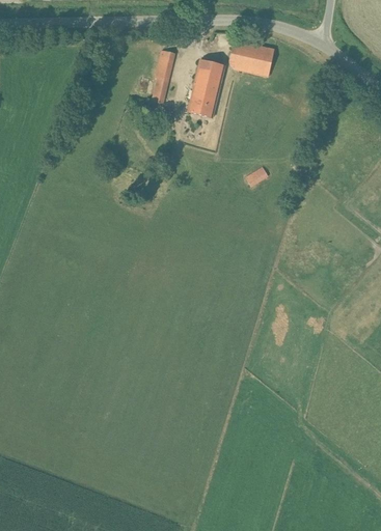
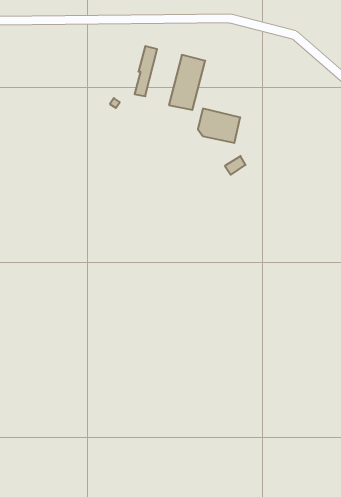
building: [229,39,274,76] -> [198,109,240,143]

